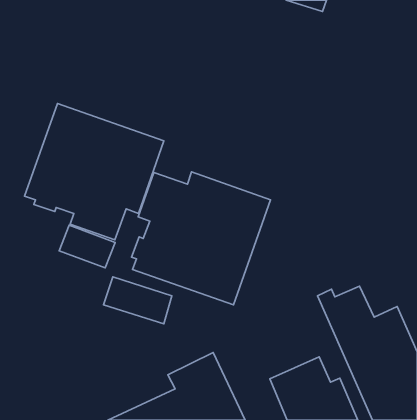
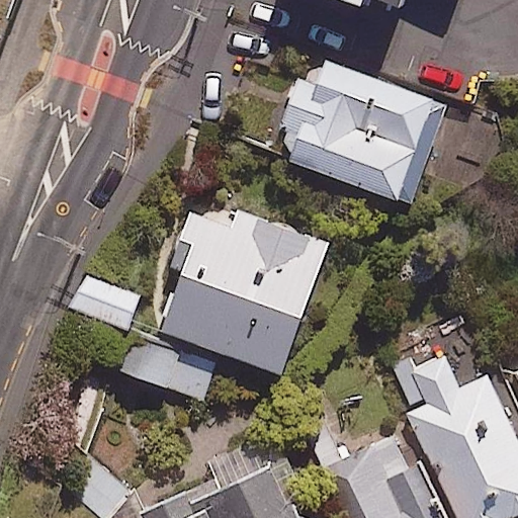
building: none -> [268,58,444,202]
building: [25,103,164,240] -> none

